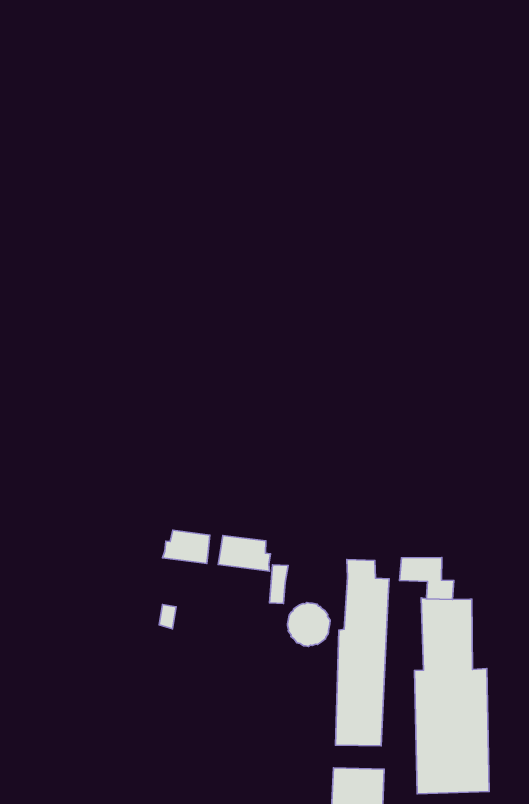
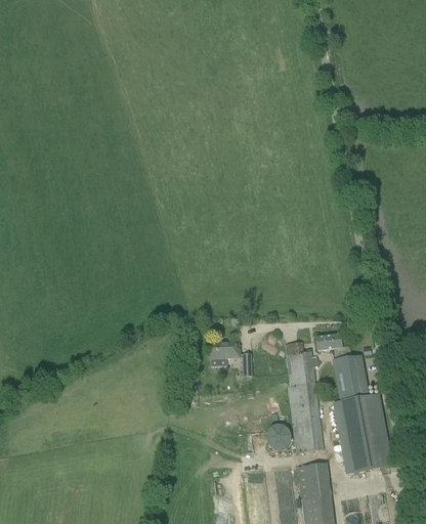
building: [163,530,210,564] -> none
building: [287,602,330,647] -> [266,424,291,449]

